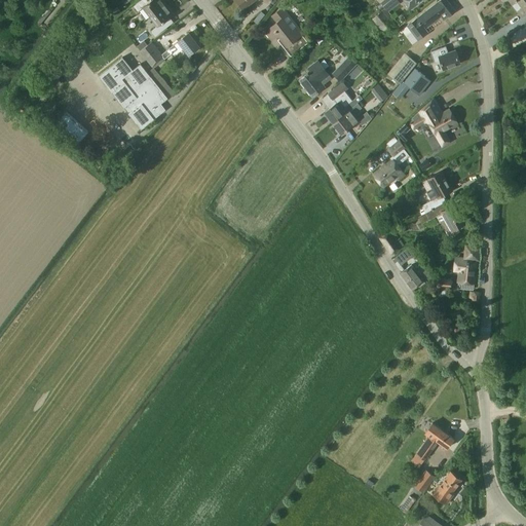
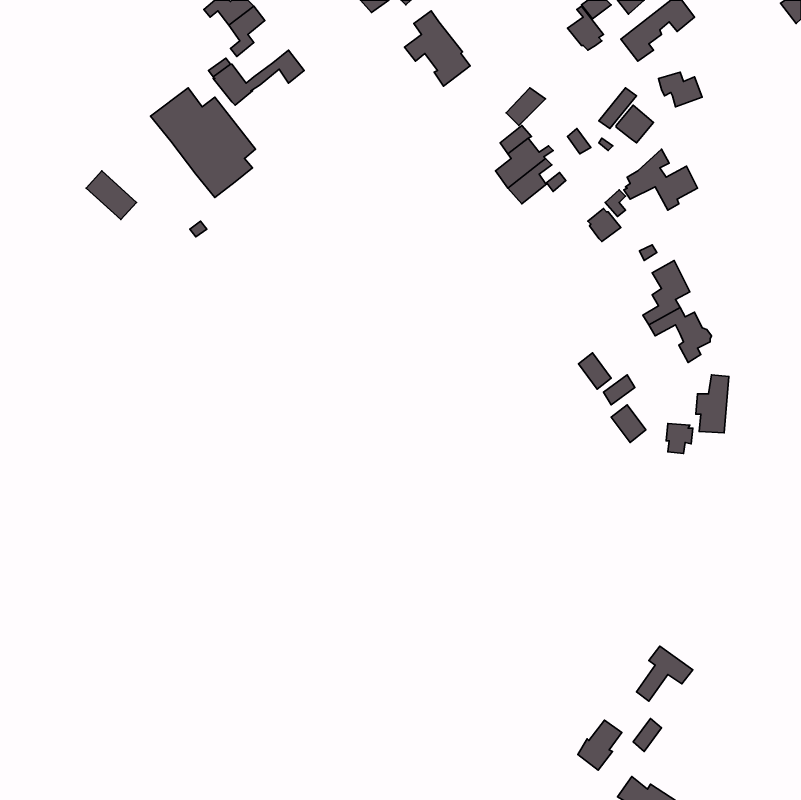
building: [300,61,333,97] -> none
building: [373,151,410,188] -> none
building: [434,473,462,505] -> [578,720,622,770]

